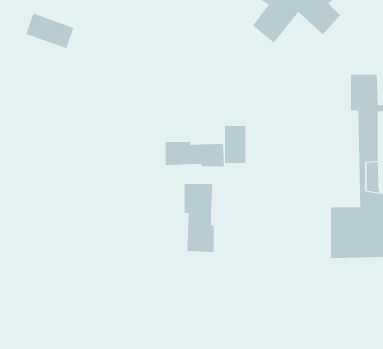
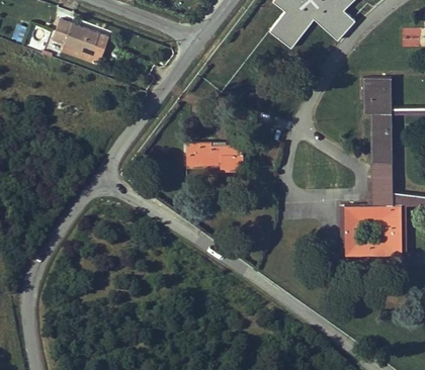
building: [225,125,246,164] -> none
building: [184,183,214,253] -> none

